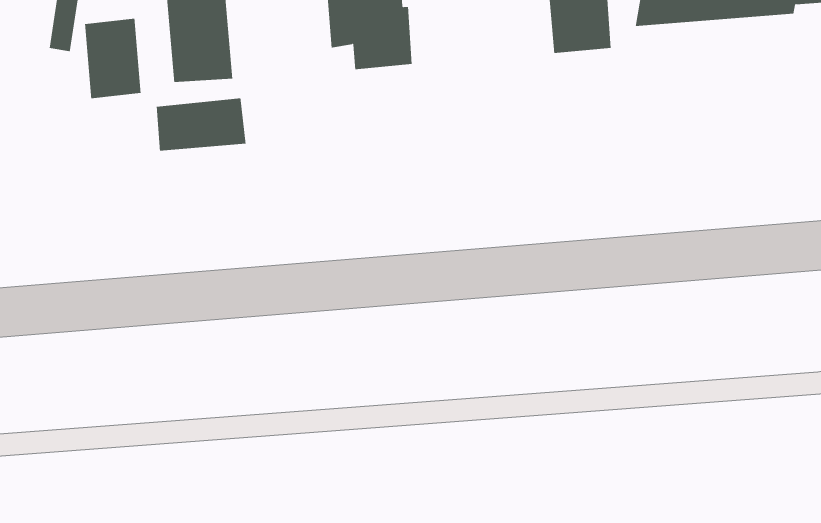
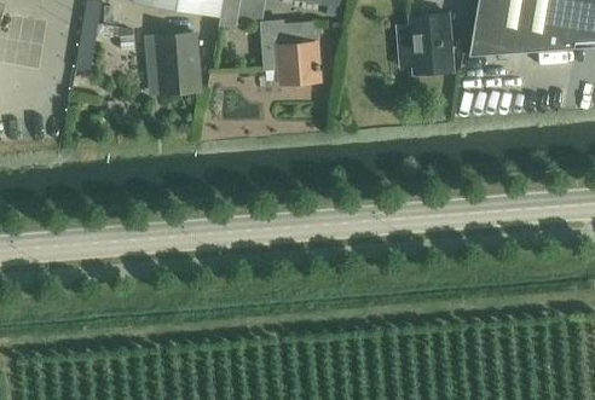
building: [84,18,141,99] -> none
building: [156,98,246,151] -> none

